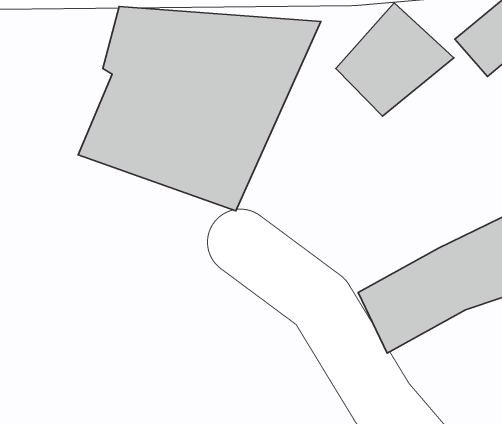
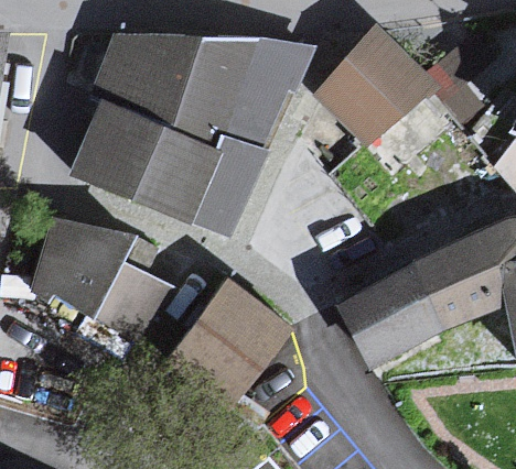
building: none -> [33,221,171,340]
building: none -> [170,286,283,404]

